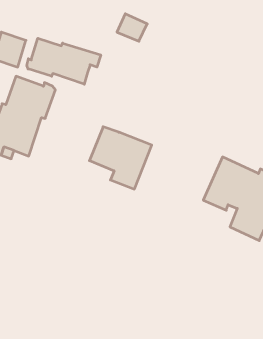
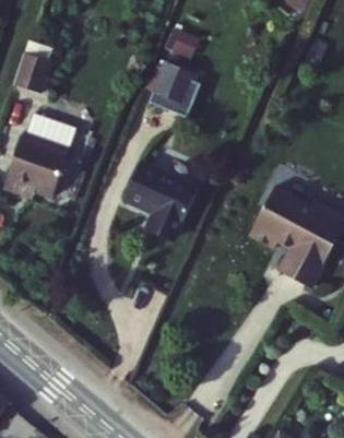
building: [27,38,101,84] -> none
building: none -> [152,62,195,106]

